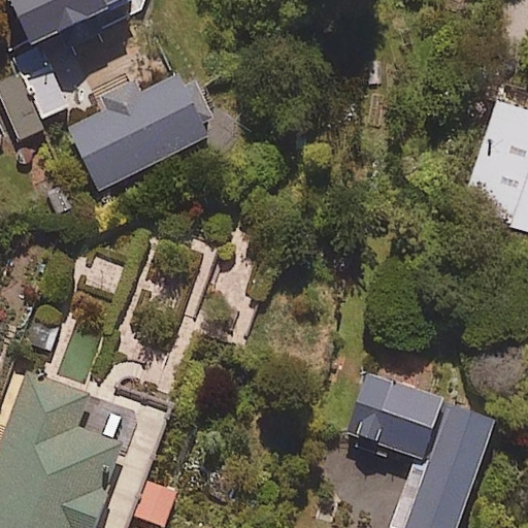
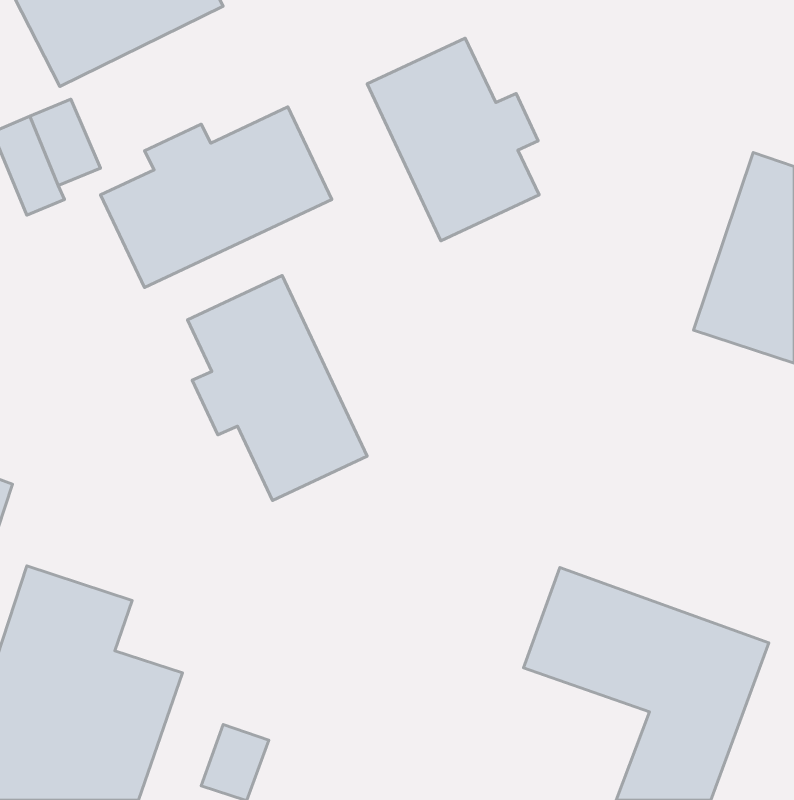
building: none -> [367,38,539,241]
building: none -> [187,276,367,501]

